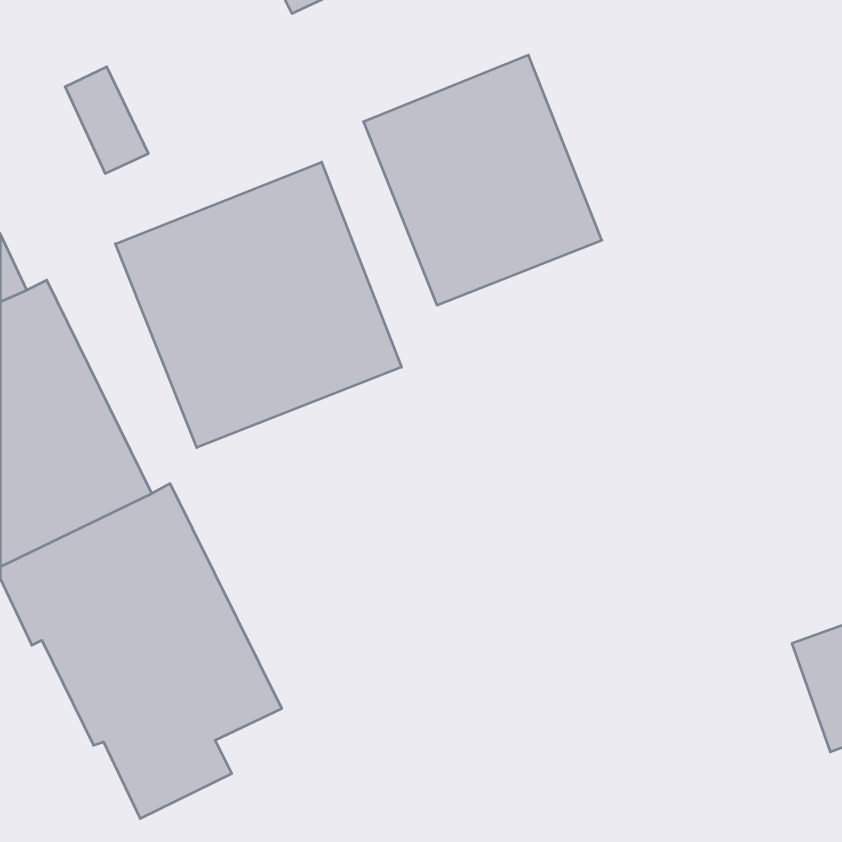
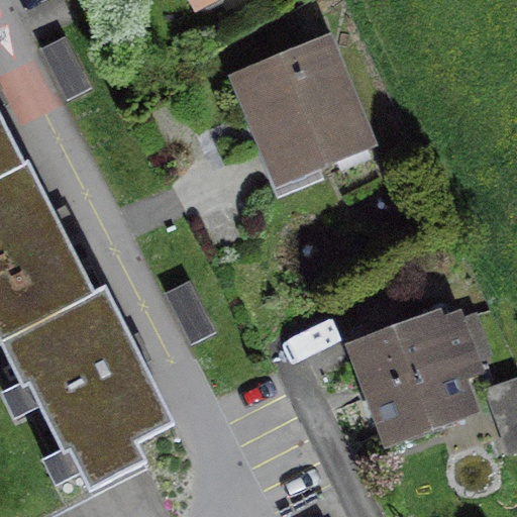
building: [115,162,401,448] -> none
building: none -> [341,307,480,444]

